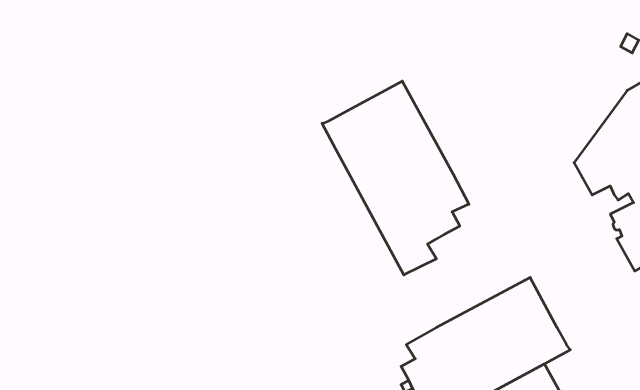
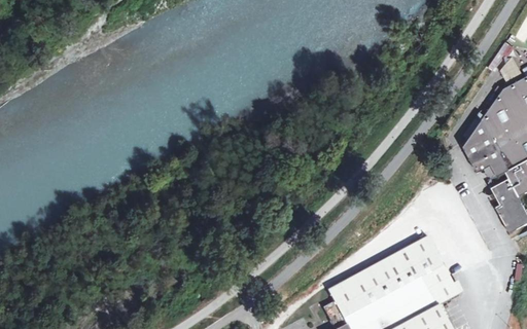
building: [322,81,469,275] -> none

